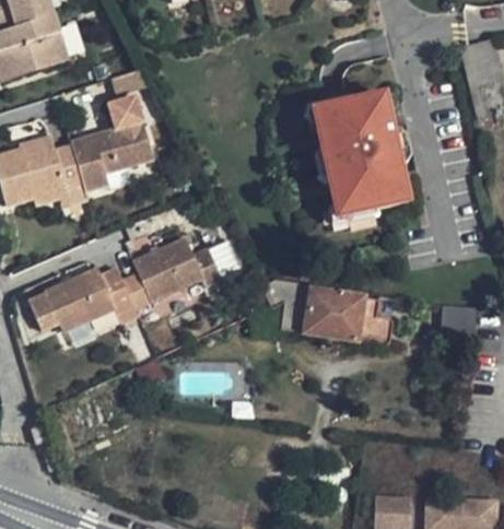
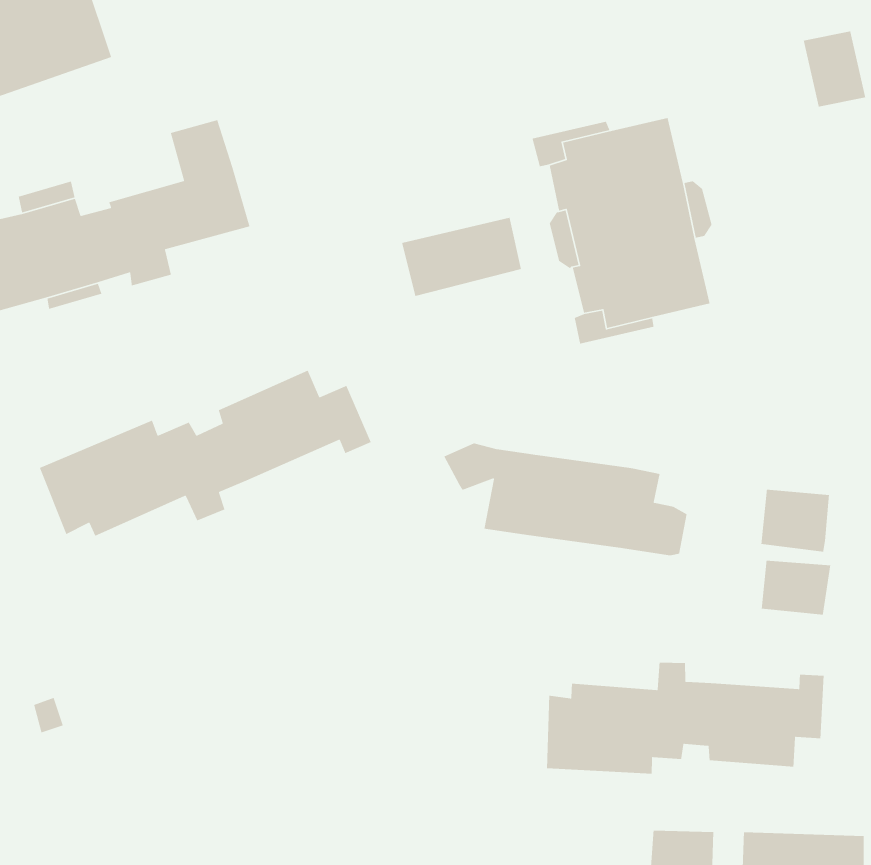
building: none -> [401,217,522,297]
building: none -> [761,560,831,615]
building: none -> [546,662,825,775]

